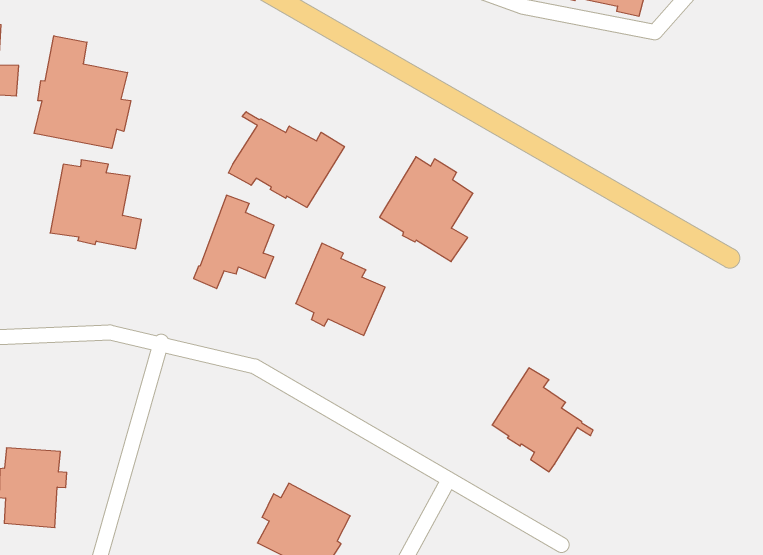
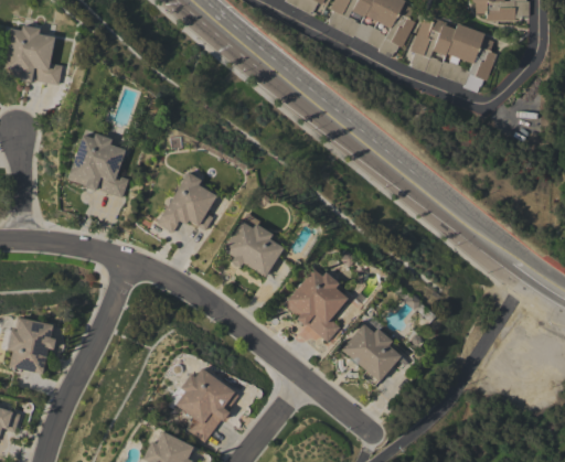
building: [34,36,131,148] -> none
building: [228,112,344,207] -> none
building: [380,157,473,262] -> [284,268,348,341]

